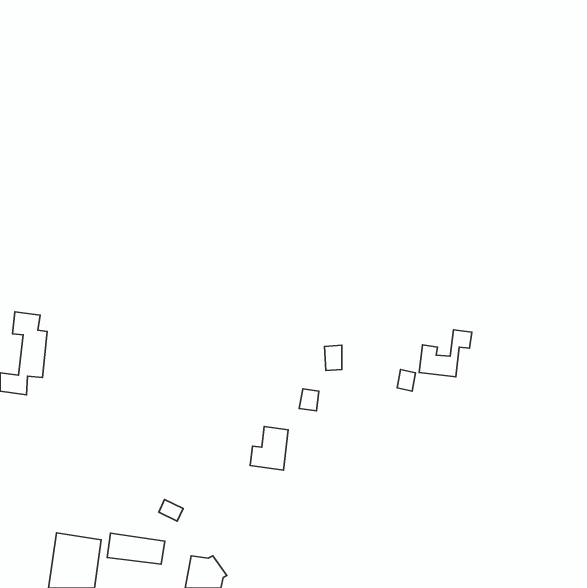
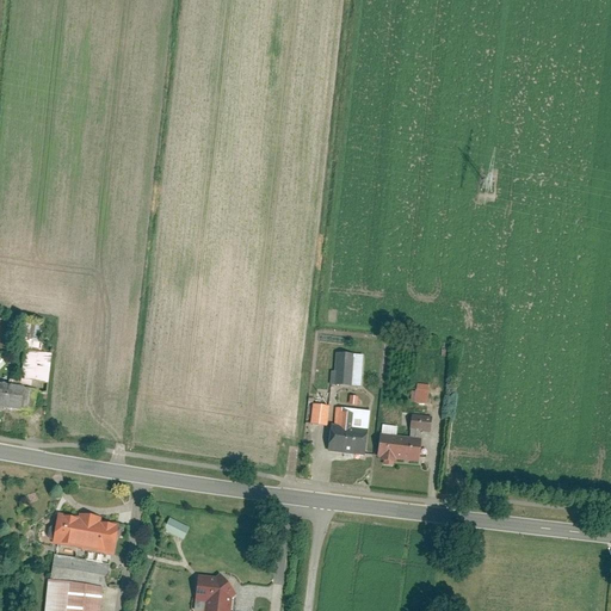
building: [419,330,472,377] -> [375,414,430,463]
building: [250,427,288,470] -> [326,411,365,456]
building: [107,533,165,564] -> [54,514,113,547]

